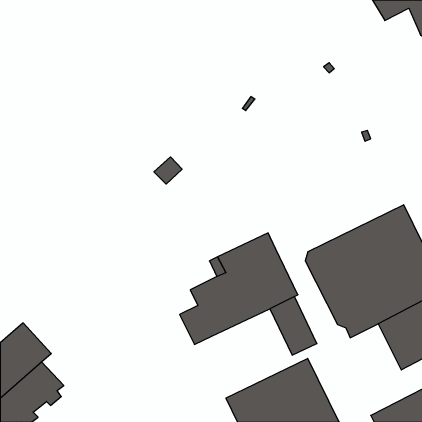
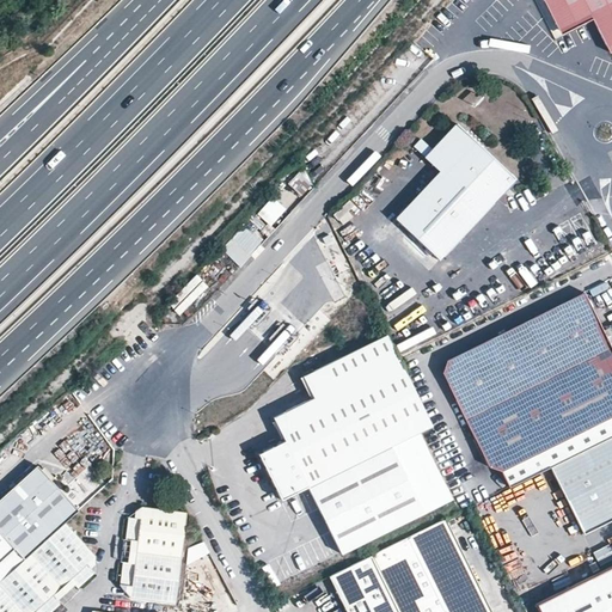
building: none -> [394,124,514,261]
building: none -> [307,447,423,553]
building: none -> [123,507,188,602]

